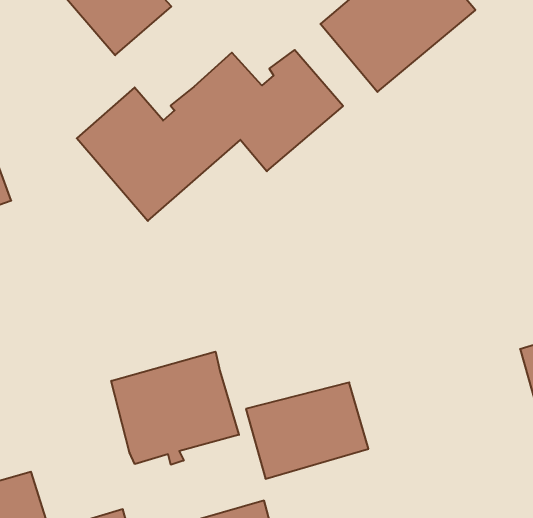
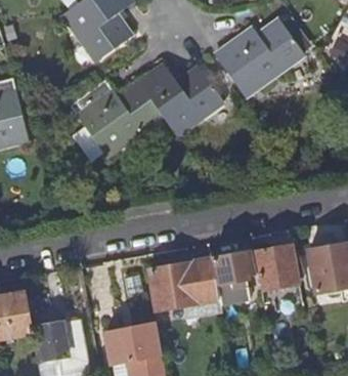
building: none -> [254,245,302,303]
building: [111,352,239,465] -> none
building: none -> [213,251,252,304]

